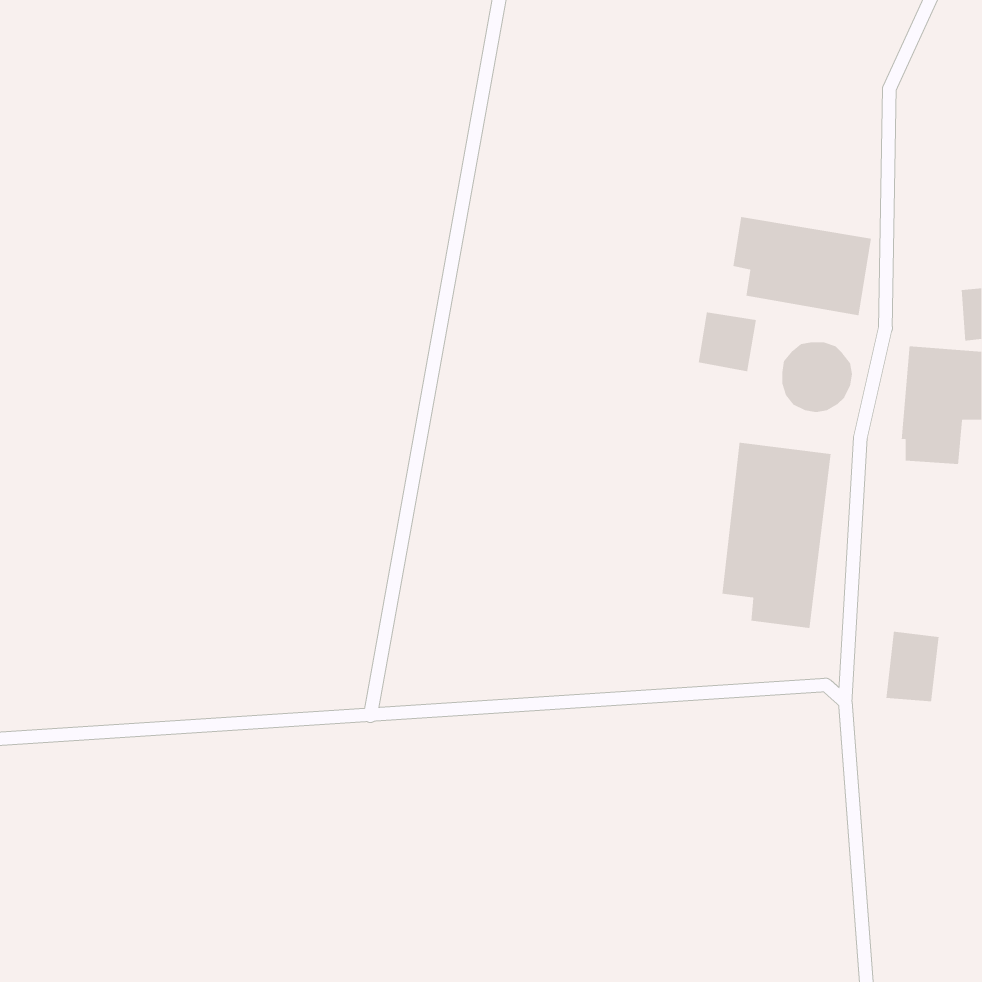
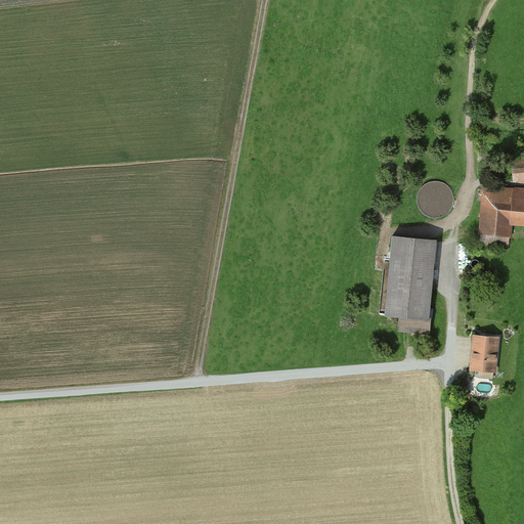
building: [732,216,872,316] -> none
building: [698,311,757,372] -> none

